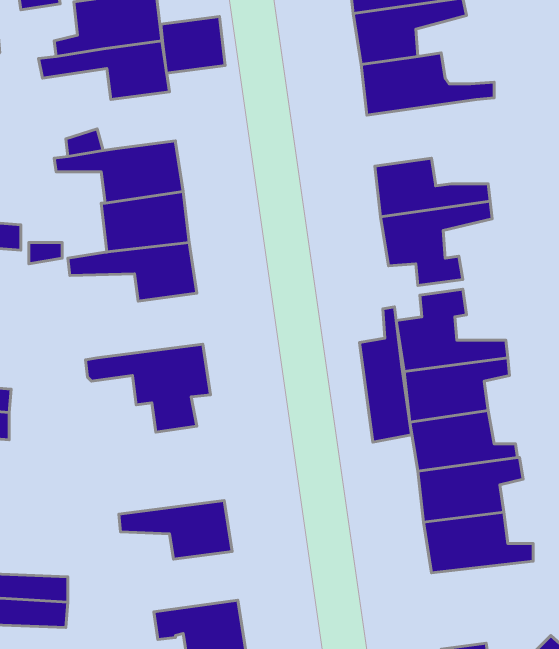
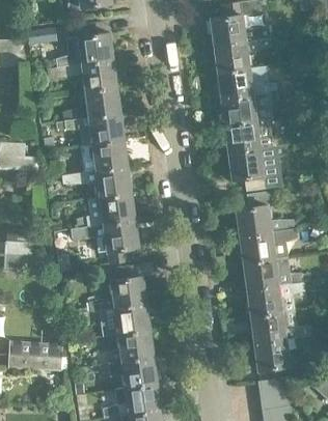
building: [161,16,225,73] -> [85,87,119,117]
building: none -> [221,91,280,127]
building: none -> [77,194,134,228]
building: [359,307,412,442] -> none
building: none -> [87,266,145,311]
building: none -> [95,331,153,365]
building: none -> [255,336,310,369]

